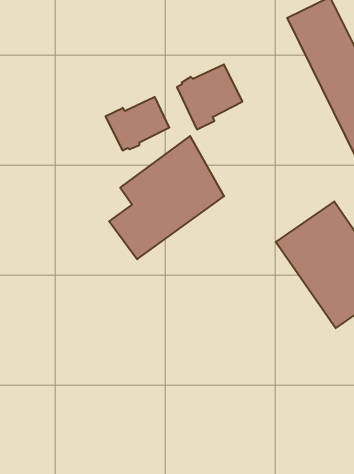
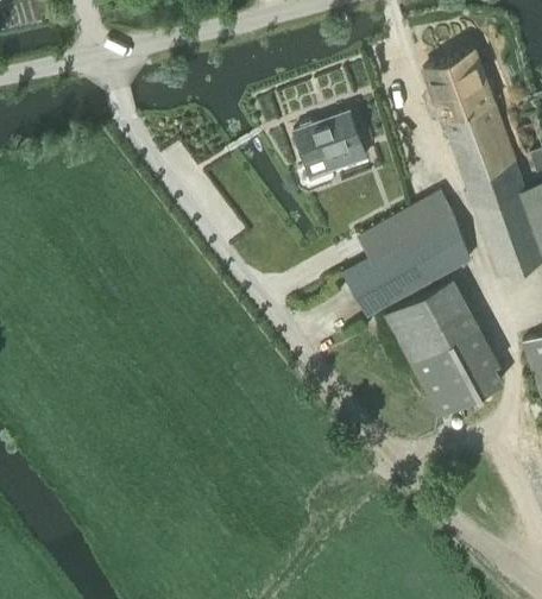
building: [106,97,169,151] -> none
building: [109,136,224,259] -> [342,190,472,319]

